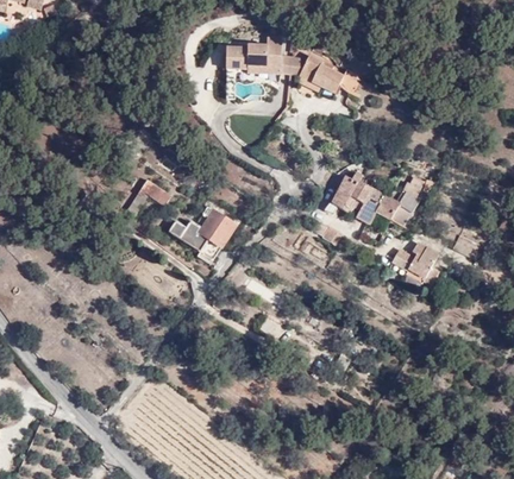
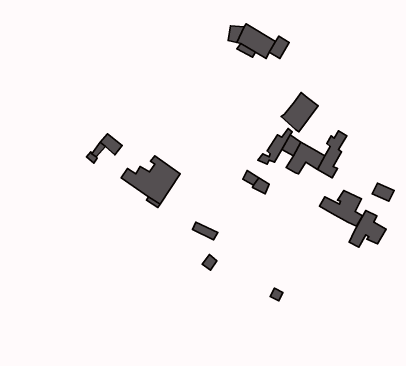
building: [226,38,282,70] -> none
building: none -> [281,92,318,132]
building: none -> [349,210,386,247]

